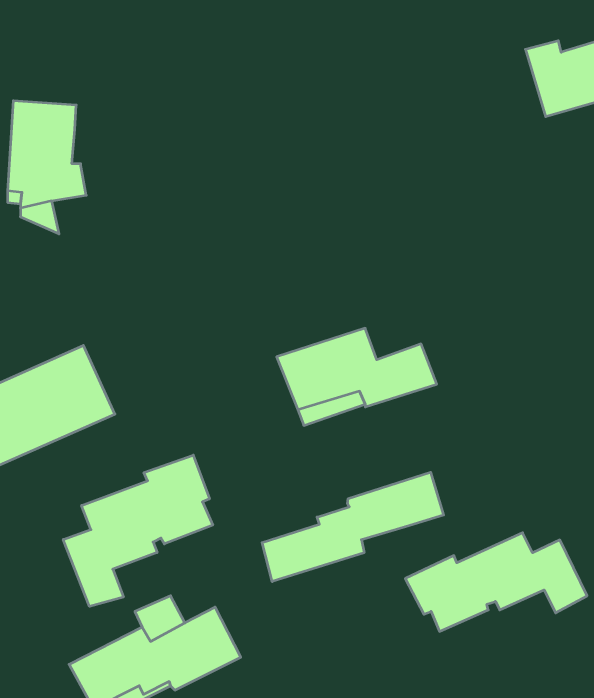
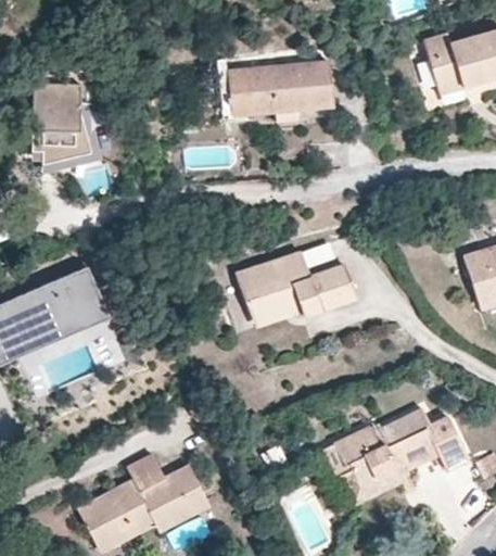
building: none -> [219,61,330,117]
building: [63,455,213,606] -> none
building: [262,472,444,582] -> none

